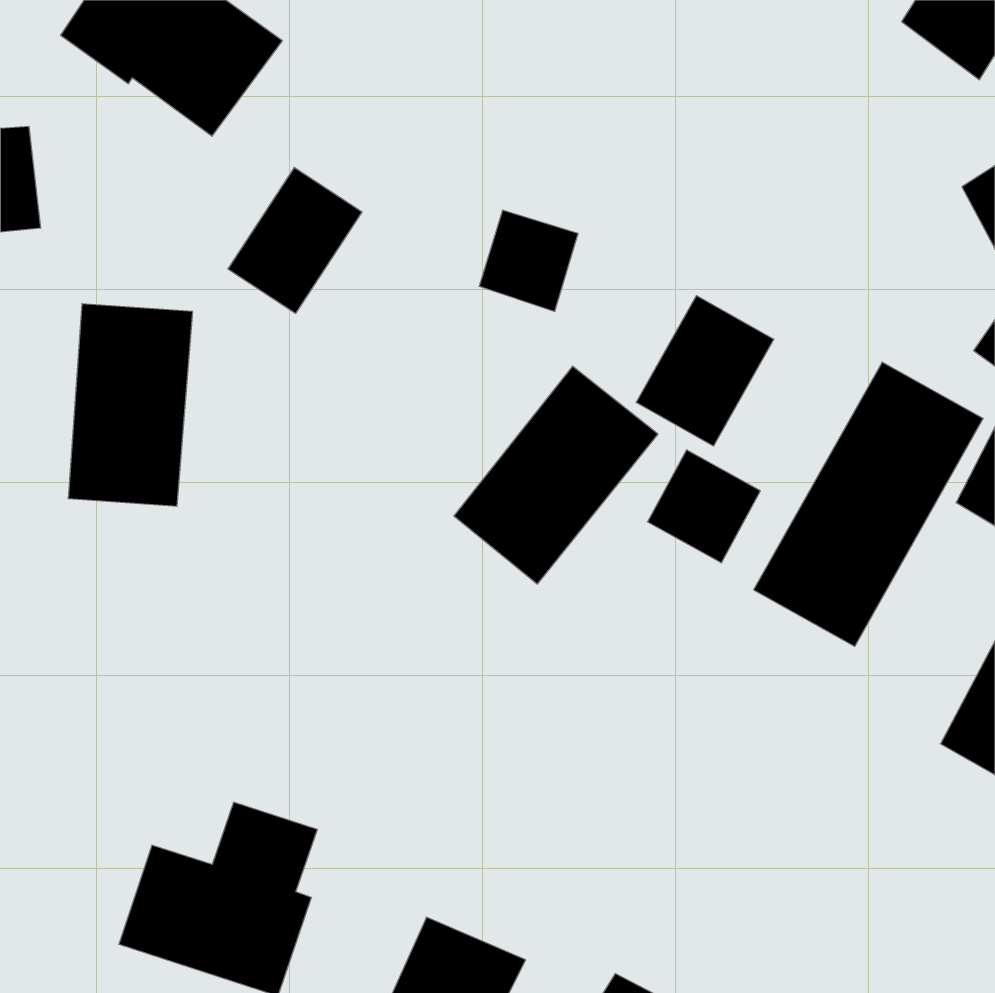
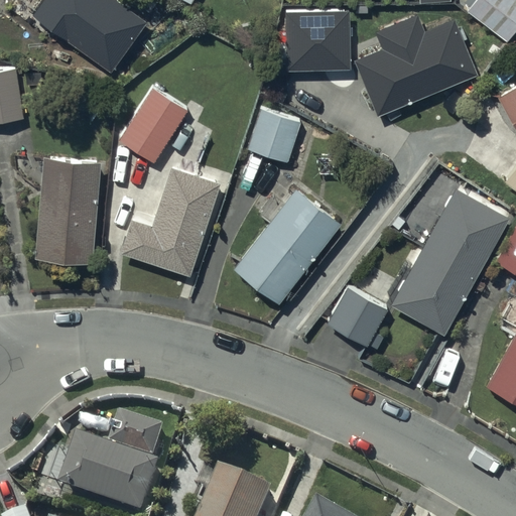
building: none -> [285,11,350,72]
building: none -> [354,15,477,117]
building: [636,296,774,446] -> none
building: none -> [121,168,220,276]
building: [647,450,760,563] -> [327,287,385,346]

